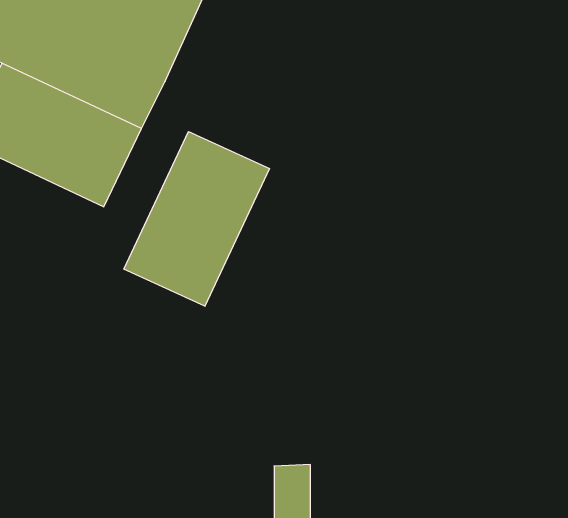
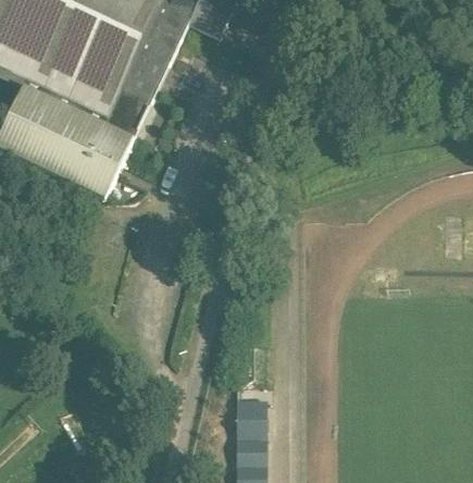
building: [124,132,270,306] -> none

